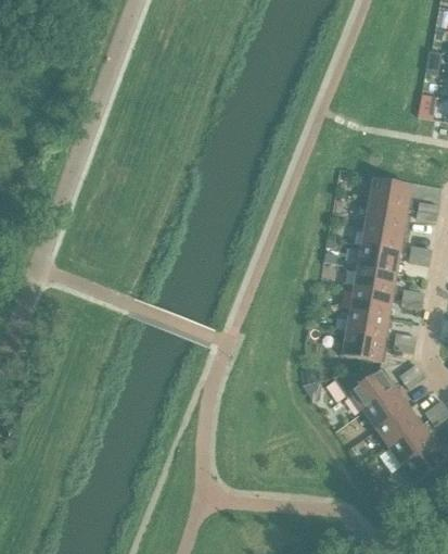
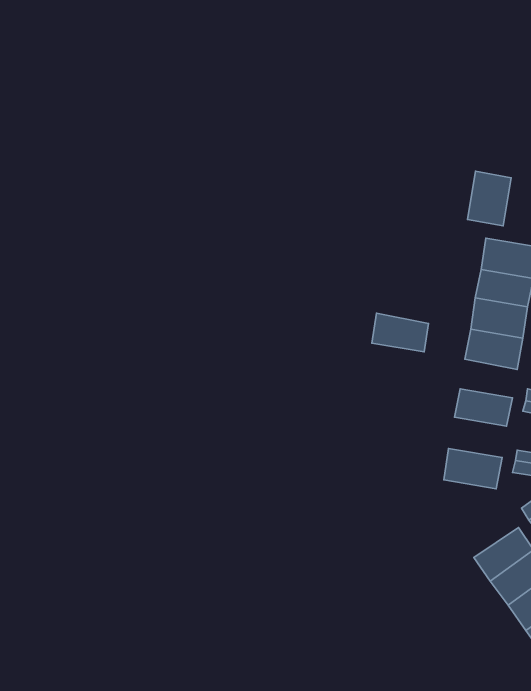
building: none -> [467,171,511,226]
building: [354,266,395,294] -> [372,313,429,352]
building: [345,309,387,338] -> none
building: [349,368,396,411] -> none

